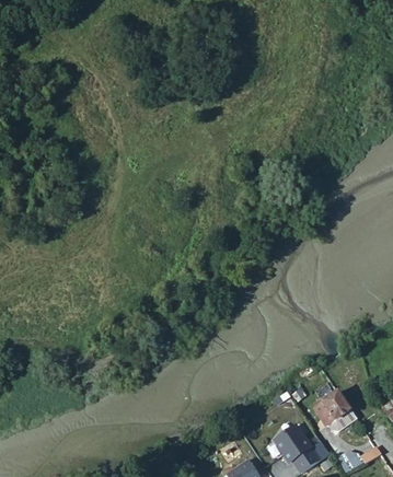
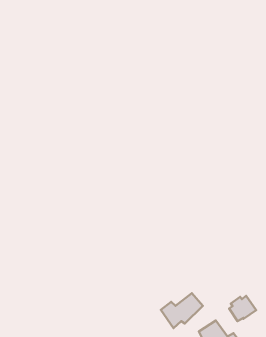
building: none -> [161,293,203,328]

